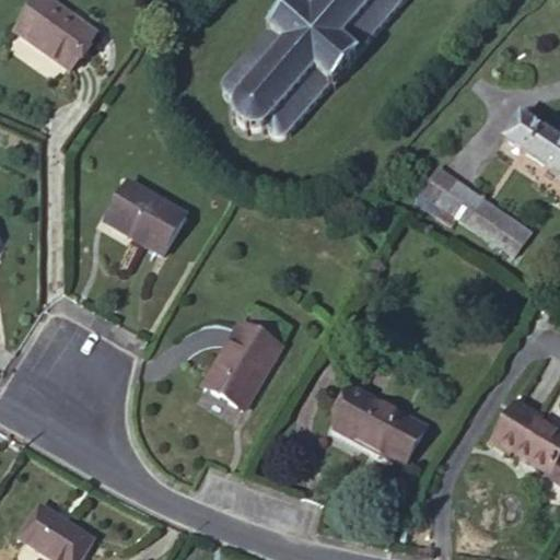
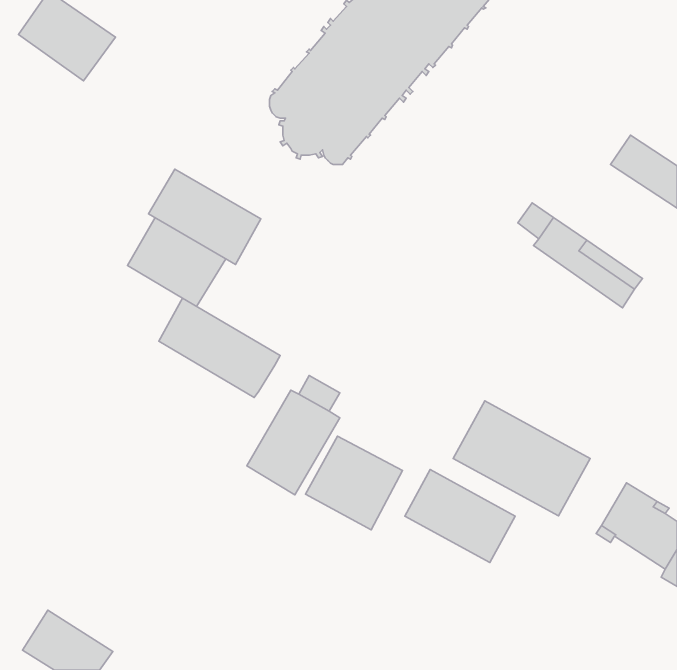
building: none -> [149,169,261,264]
building: none -> [159,298,280,398]
building: none -> [453,401,590,516]
building: none -> [306,436,402,530]

